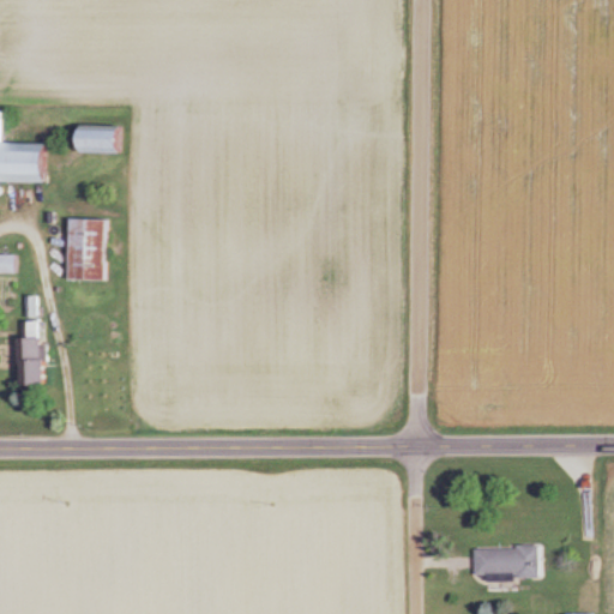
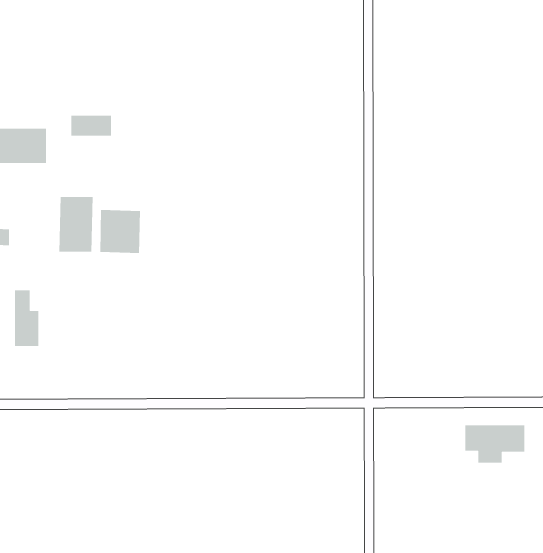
building: none -> [99,209,141,254]
building: [466,546,534,589] -> [464,424,525,463]

